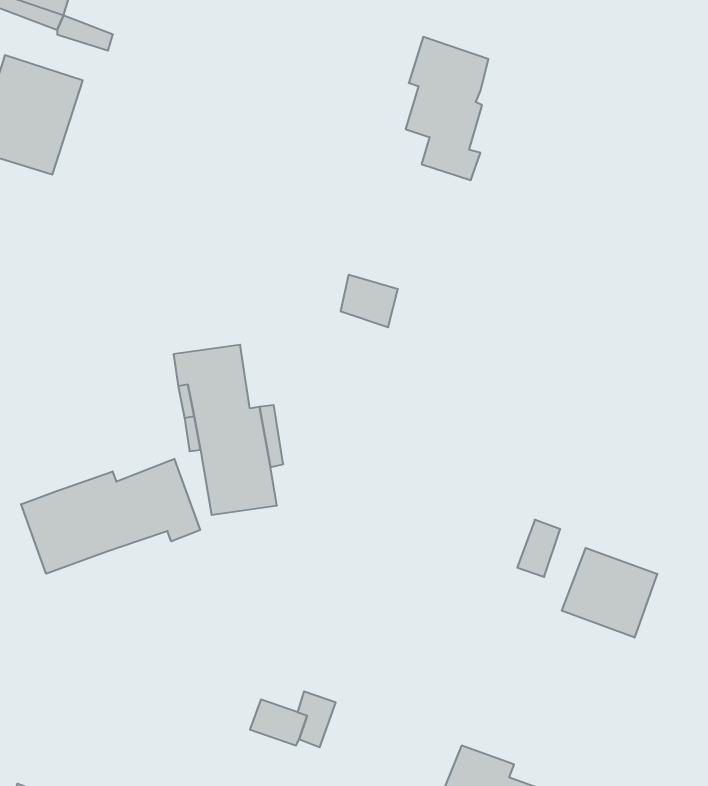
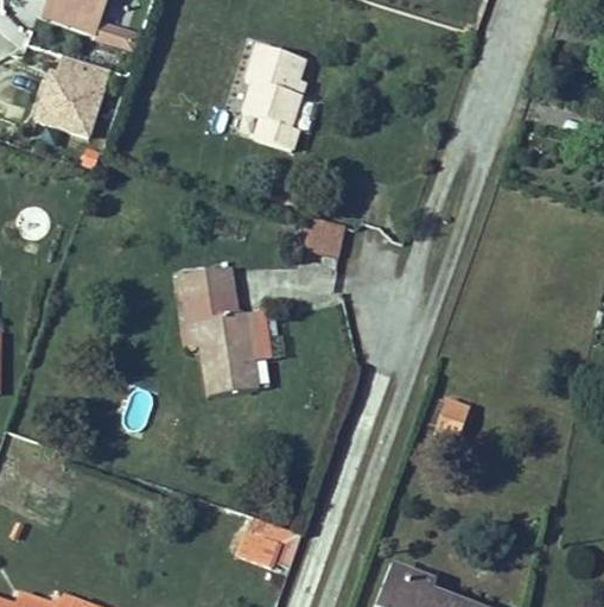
building: [406,37,488,180] -> [242,44,304,151]
building: [21,459,200,574] -> none
building: [562,548,657,638] -> none

